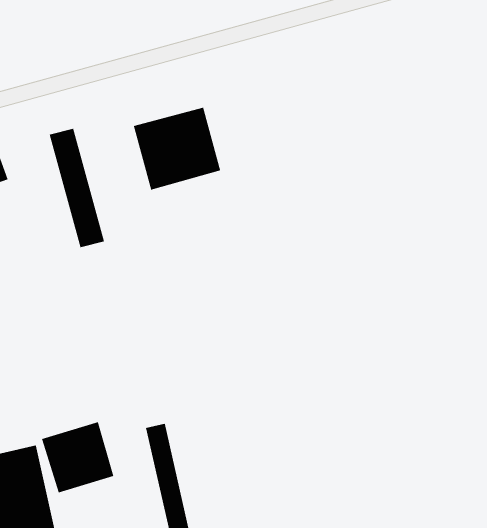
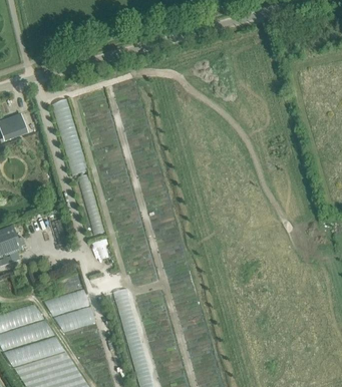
building: [133,107,221,191] -> none

